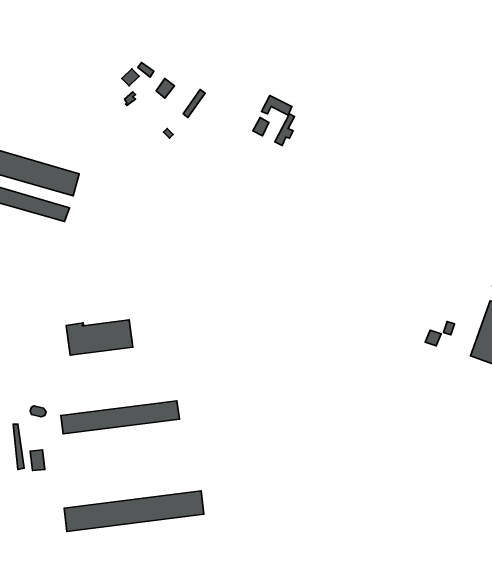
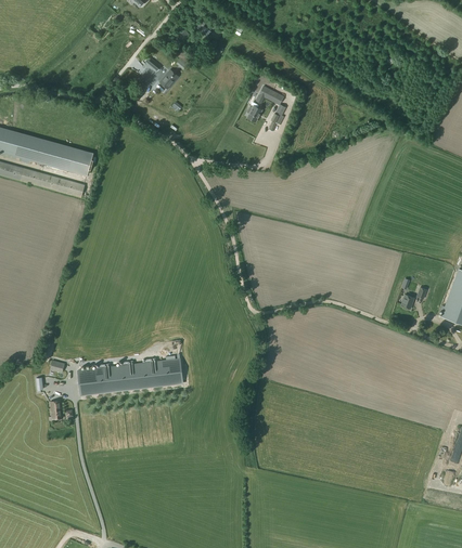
building: [66,320,133,355] -> none
building: [64,491,204,531] -> none

